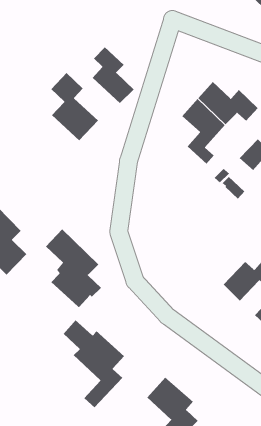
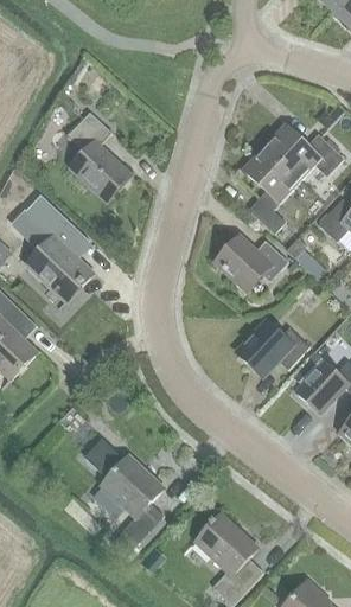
building: [92,46,134,104] -> none
building: none -> [216,235,288,290]
building: [45,229,102,310] -> [19,193,94,301]
building: none -> [237,324,309,376]

